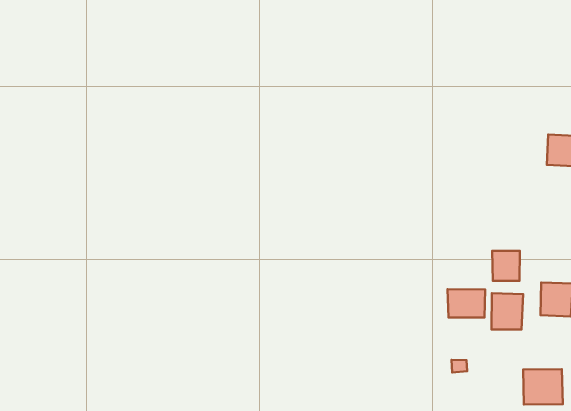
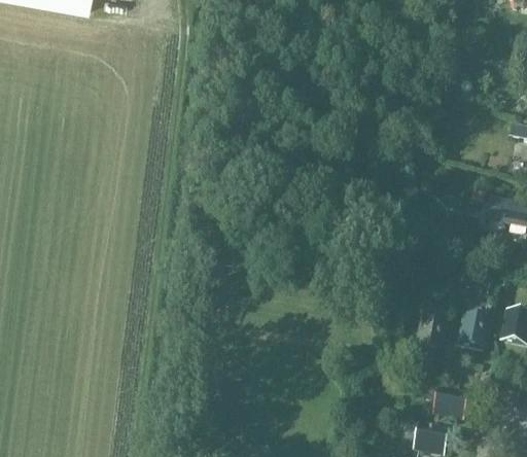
building: [492,251,520,281] -> none
building: [448,289,485,317] -> none

